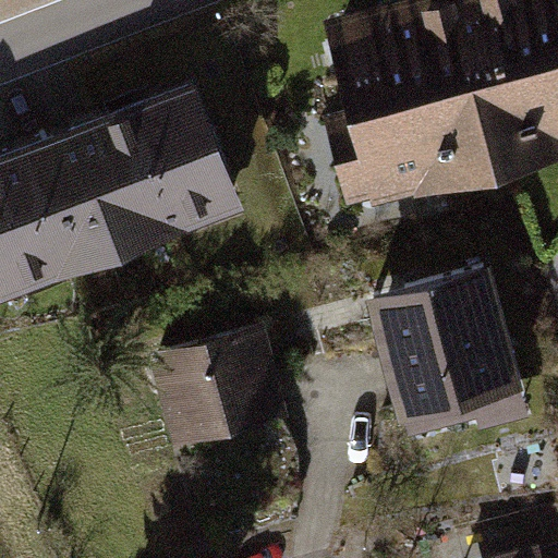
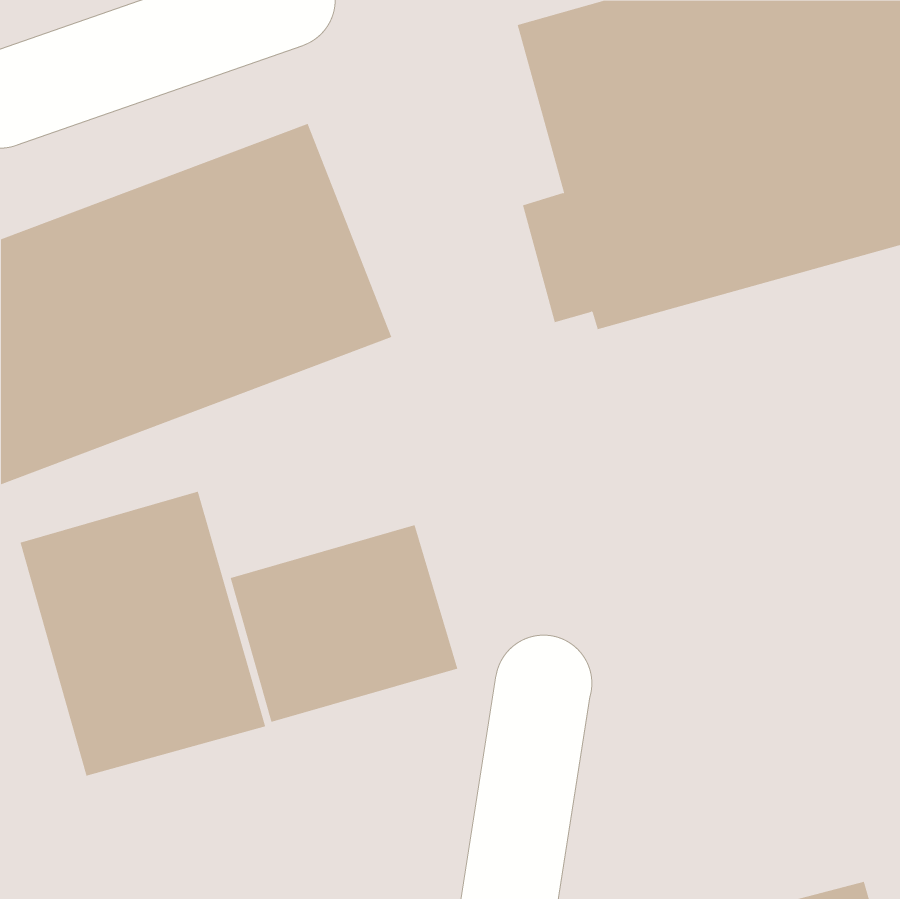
building: [365,270,522,427] -> none
building: none -> [20,491,266,776]

